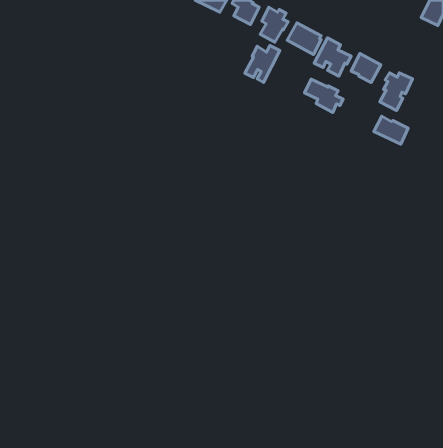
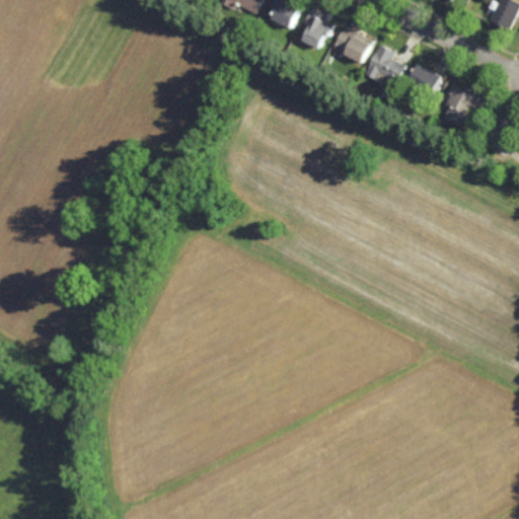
building: [245,46,280,82] -> none
building: [305,79,343,112] -> none
building: [374,116,408,144] -> none

